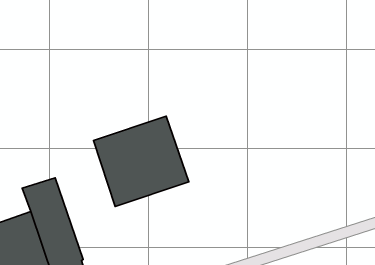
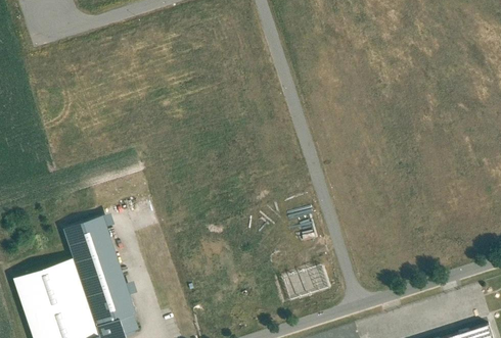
building: [93,116,189,207] -> none

